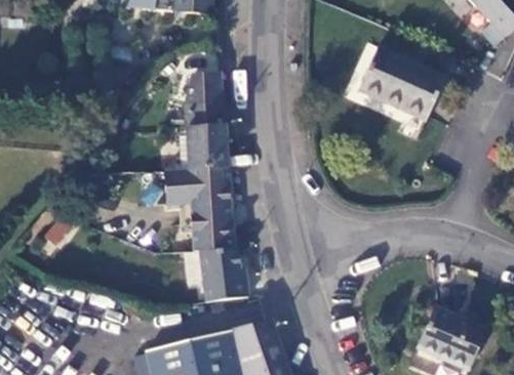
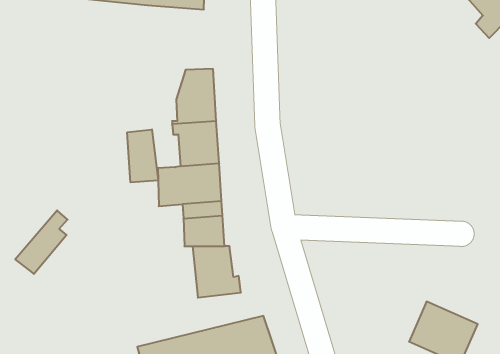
building: [344,41,445,130] -> none
building: none -> [127,129,158,182]

